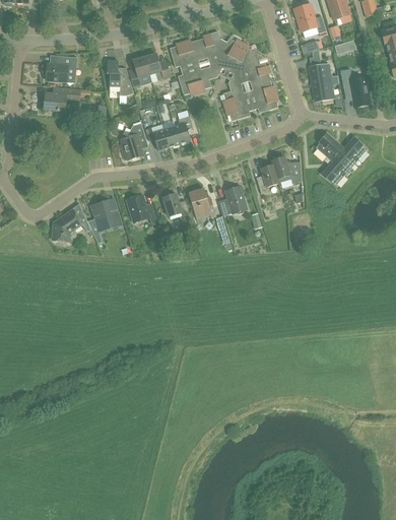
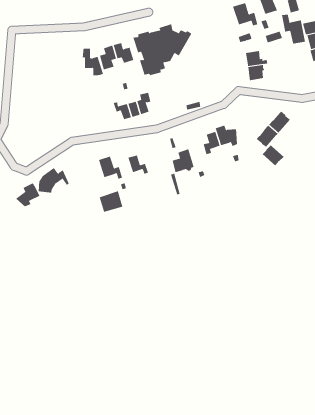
building: [221,42,278,120] -> none
building: [46,55,76,81] -> none
building: [338,62,369,100] -> [281,14,306,44]
building: [43,86,89,111] -> none
building: [120,122,146,158] -> none
building: [315,133,343,161] -> [262,144,285,167]
building: [188,188,215,217] -> none
building: [89,197,120,224] -> [99,191,123,213]
building: none -> [15,183,40,207]

